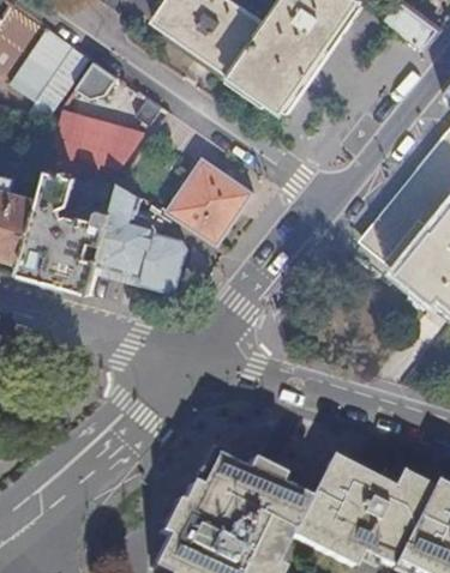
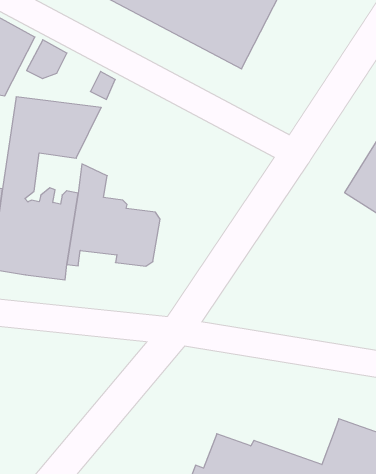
building: [164,156,251,245] -> none

